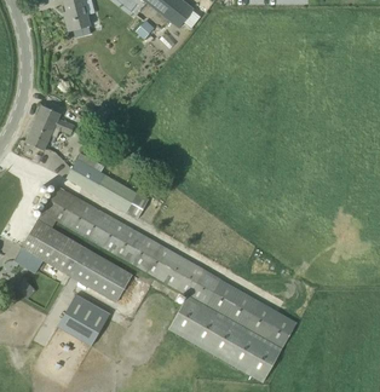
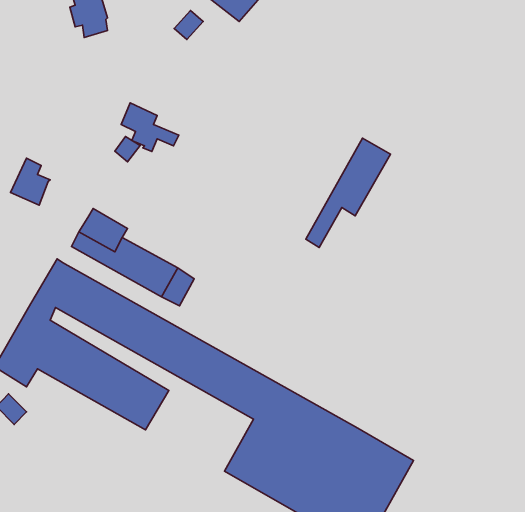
building: [35,103,74,136] -> [121,103,179,151]
building: none -> [306,138,391,247]
building: [59,292,113,345] -> none

